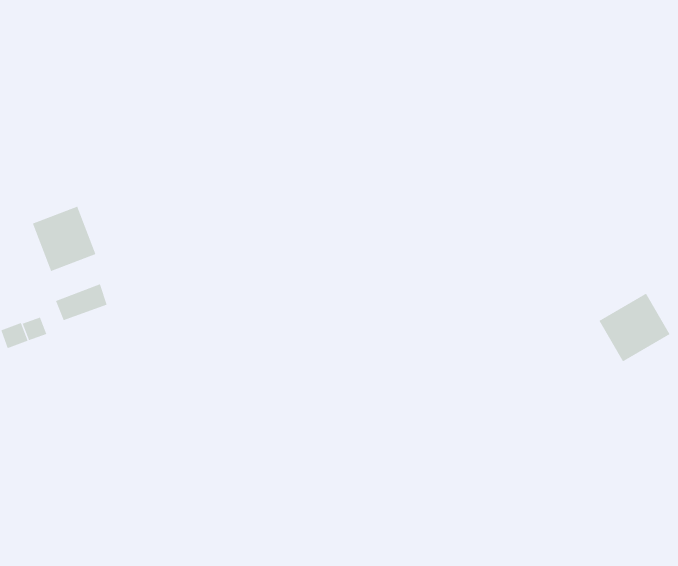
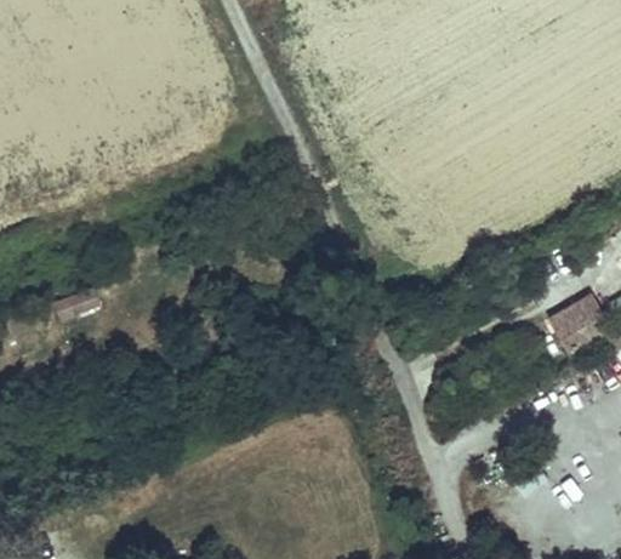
building: [32,206,96,272] -> none

